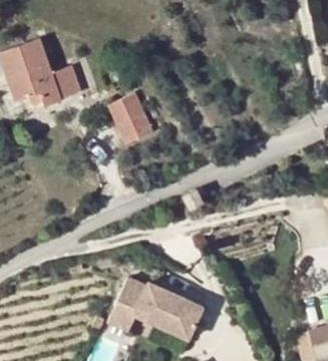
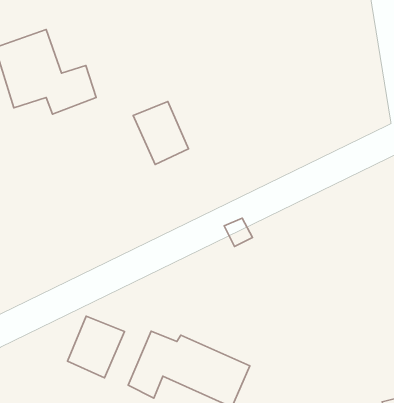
building: none -> [67,316,125,378]

